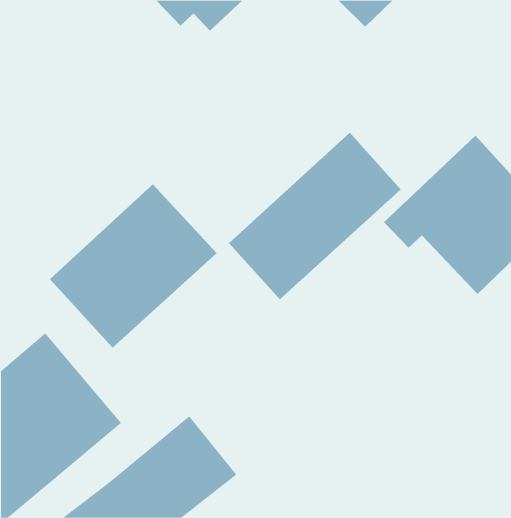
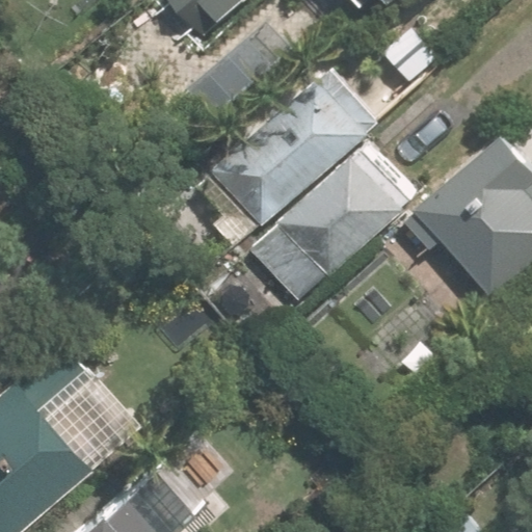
building: none -> [210,66,380,249]
building: [49,184,217,348] -> none

